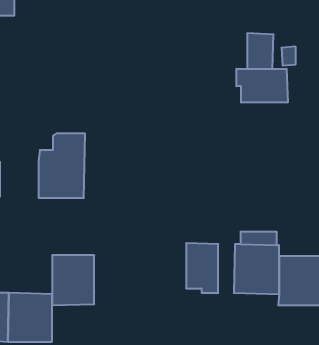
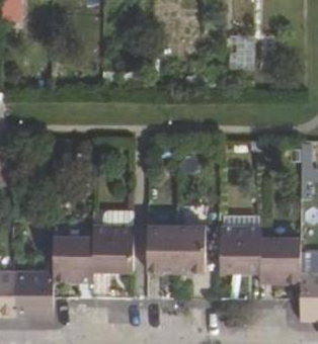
building: [236,69,288,103] -> none
building: [39,133,85,198] -> [91,211,134,270]
building: none -> [146,226,175,271]

